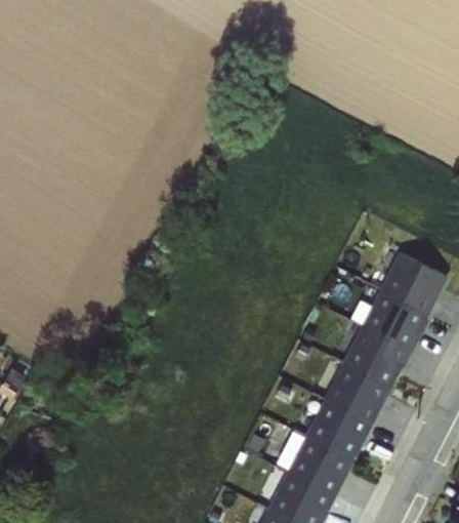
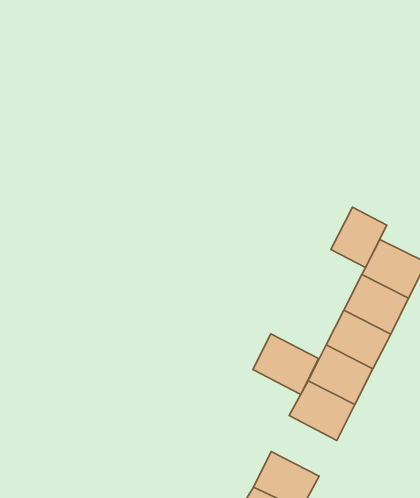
building: none -> [331,207,387,267]
building: [286,436,353,498] -> [253,334,319,394]

